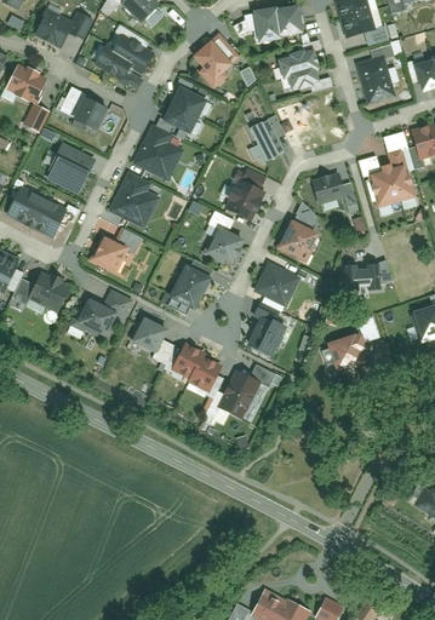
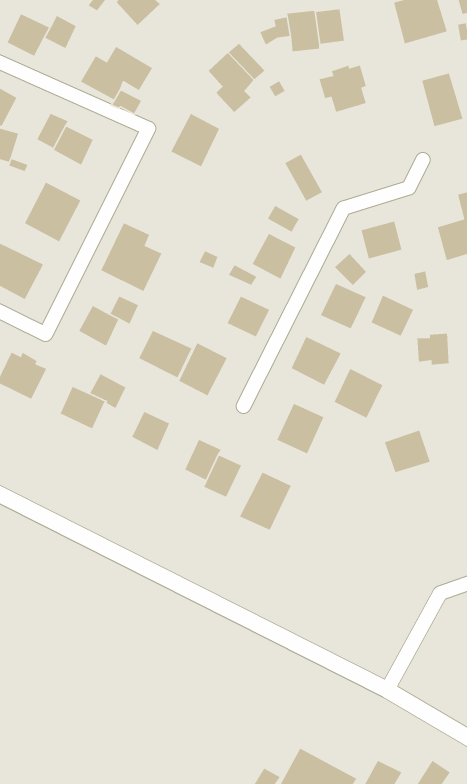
building: [133,128,179,180] -> none
building: none -> [371,295,414,337]
building: none -> [138,330,193,378]
building: none -> [333,368,383,419]

